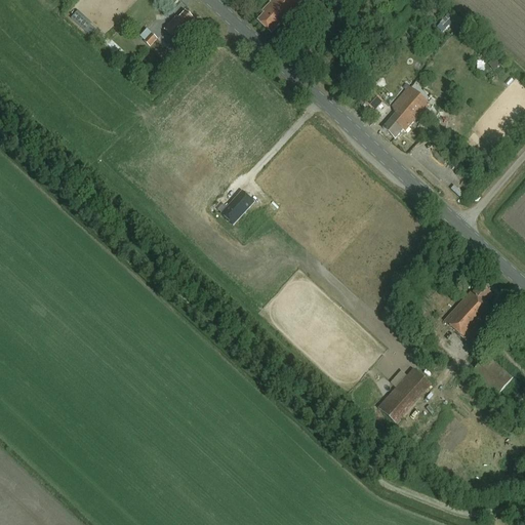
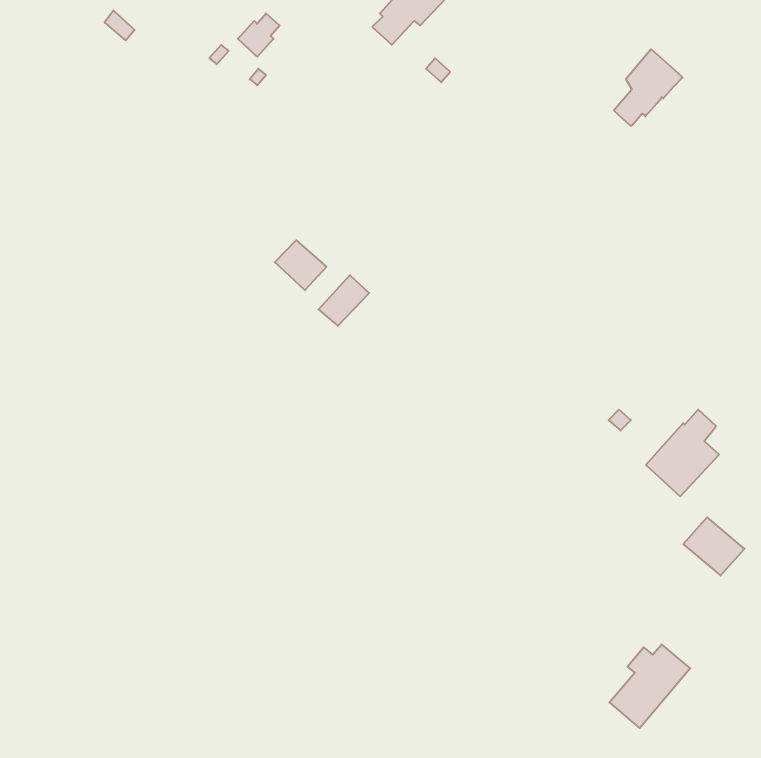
building: [381,84,429,136] -> [614,49,683,125]
building: none -> [275,240,326,290]
building: [378,365,434,422] -> [609,644,690,728]

